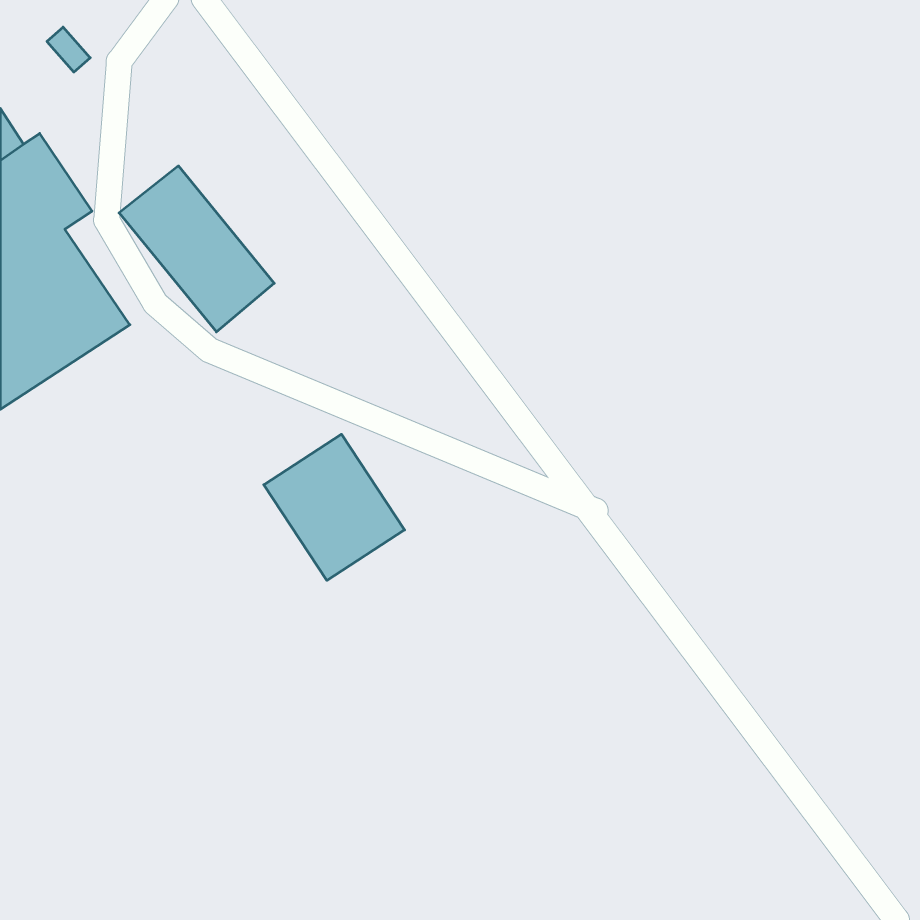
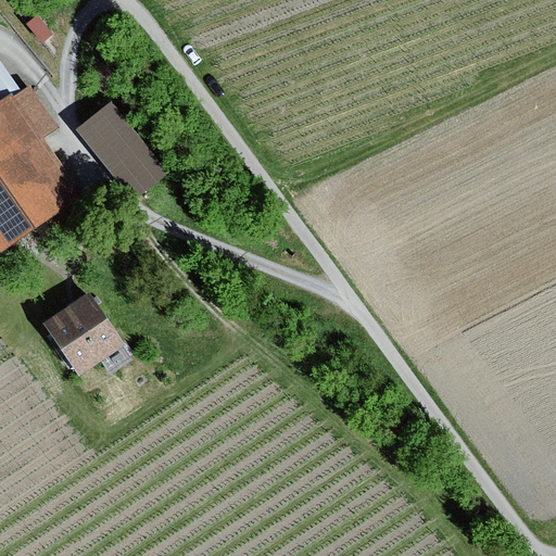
building: [264,434,405,580] -> [37,291,122,379]

